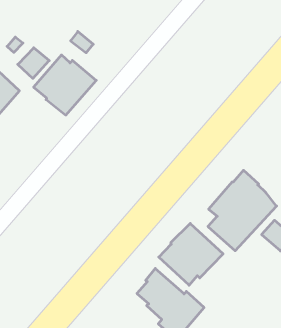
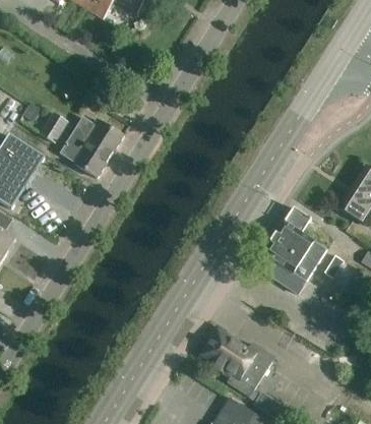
building: [159,223,223,285] -> none

